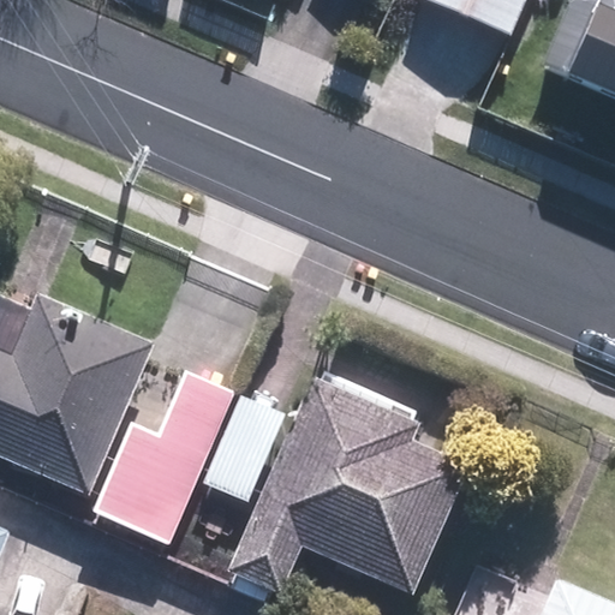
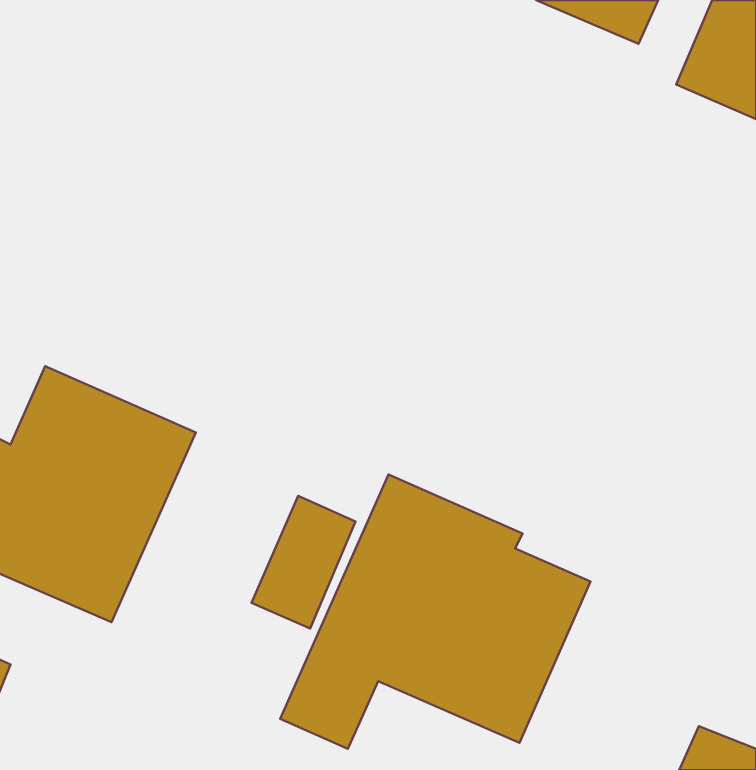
building: [96,372,229,541] -> none

